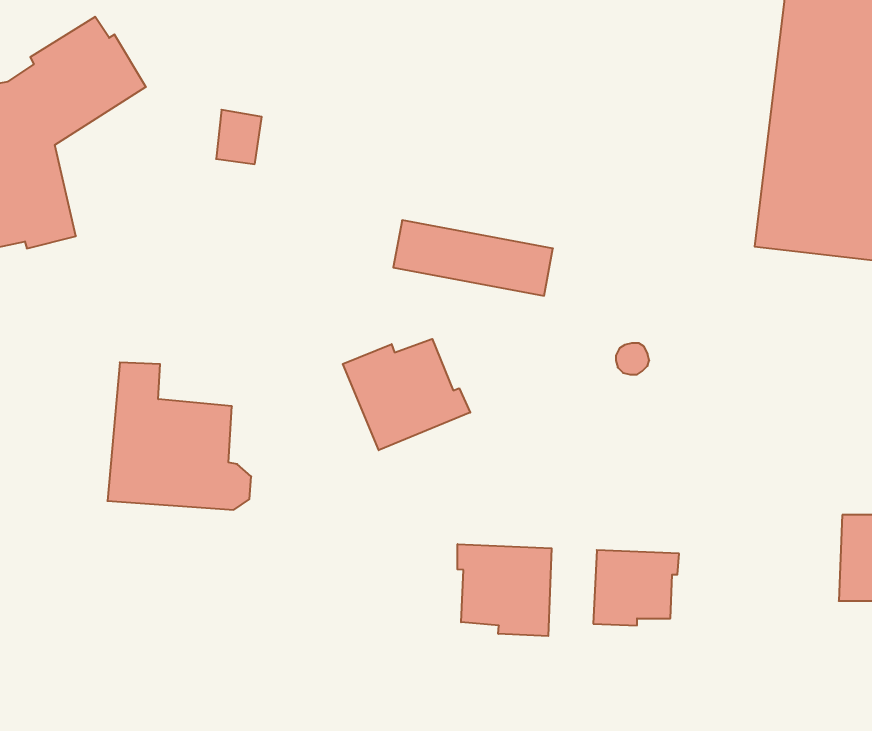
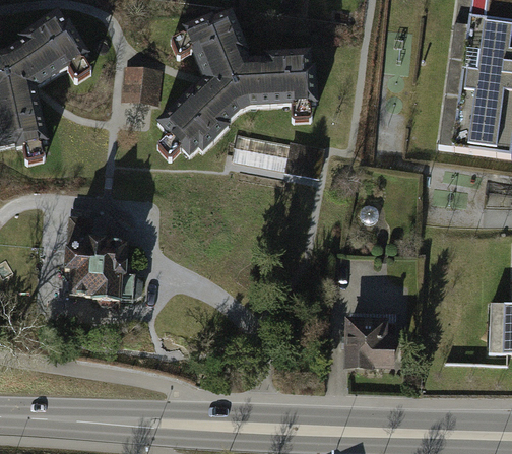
building: none -> [158,13,317,154]
building: [343,339,470,450] -> none
building: [457,544,552,636] -> none

